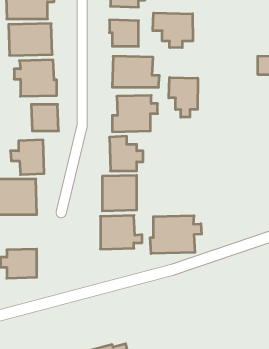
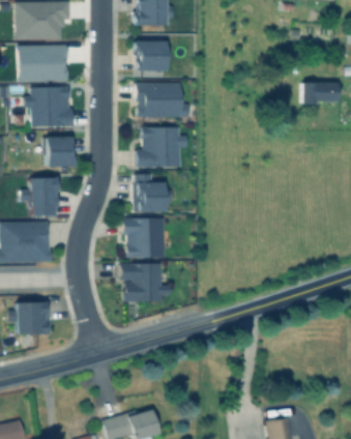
building: [153,13,193,48] -> none
building: [169,77,198,117] -> none
building: [150,216,202,254] -> none

